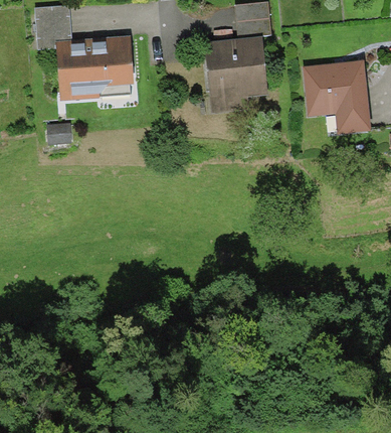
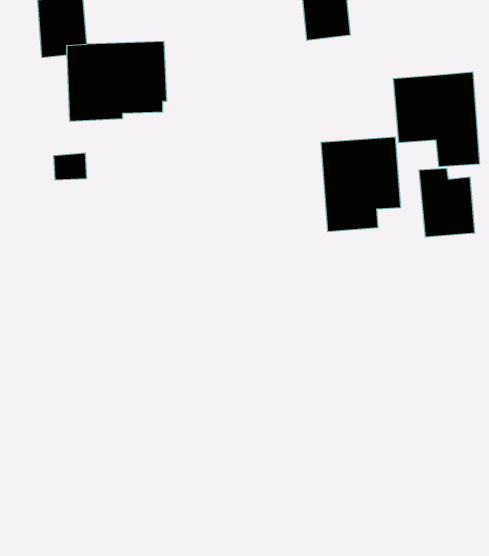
building: [205,39,265,111] -> [321,137,401,232]
building: none -> [419,168,474,237]

